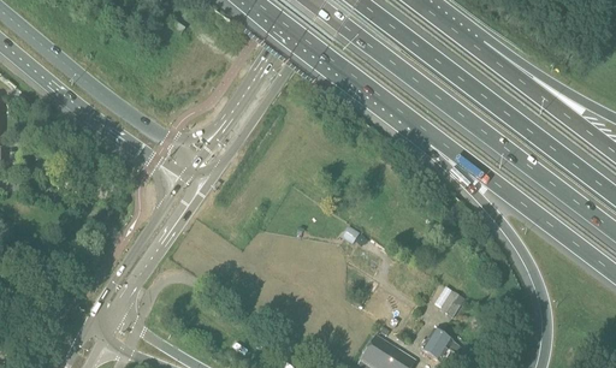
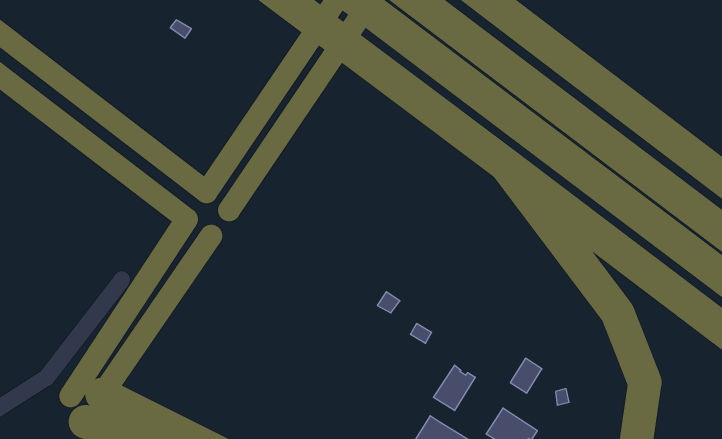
building: none -> [433,365,475,411]

